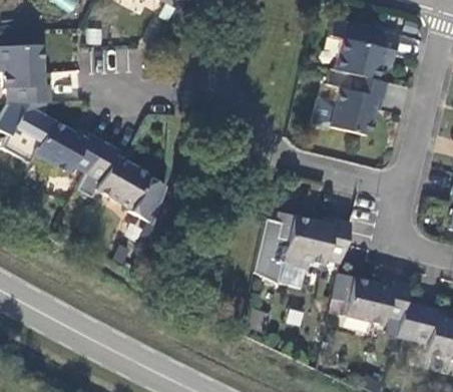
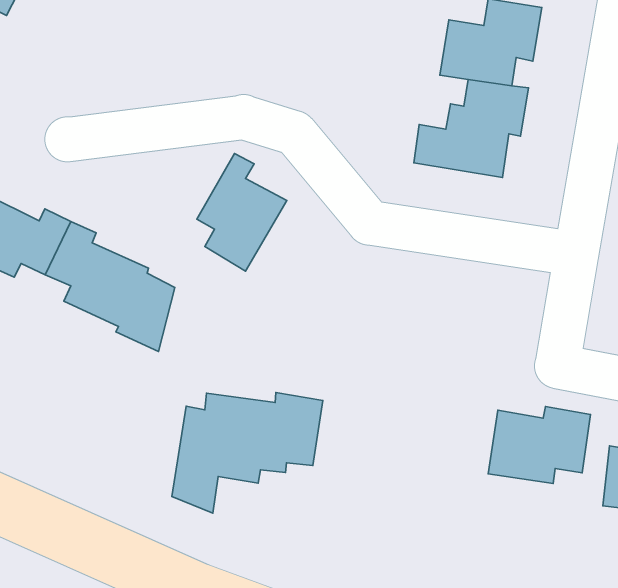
building: none -> [197,154,287,271]
building: [254,214,350,287] -> [172,393,323,513]

